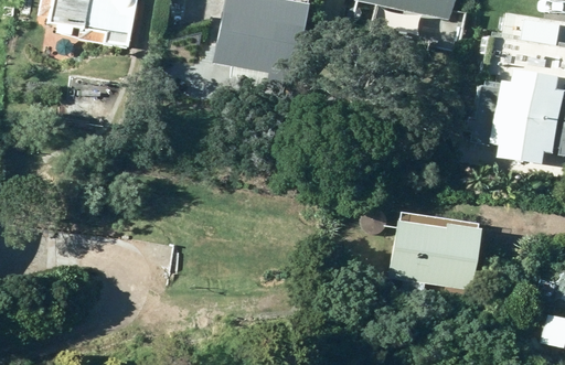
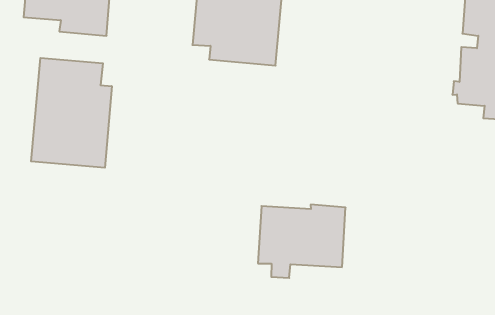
building: none -> [31,58,112,168]
building: [390,221,480,293] -> [258,205,346,278]

